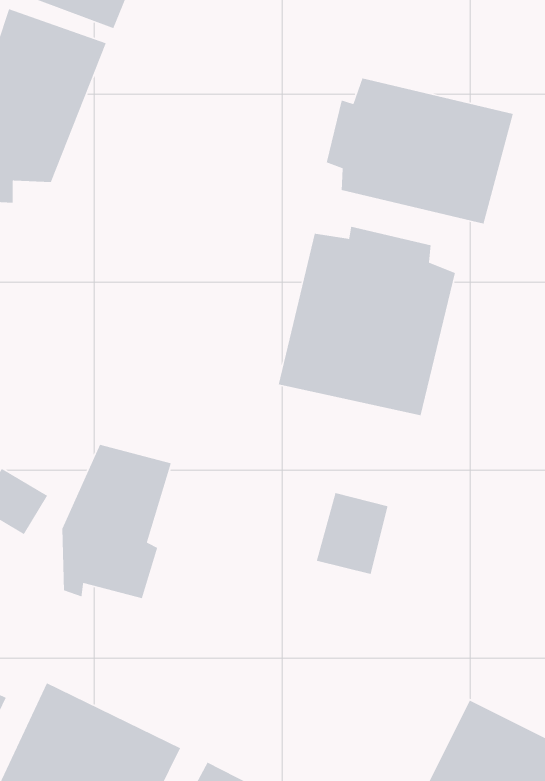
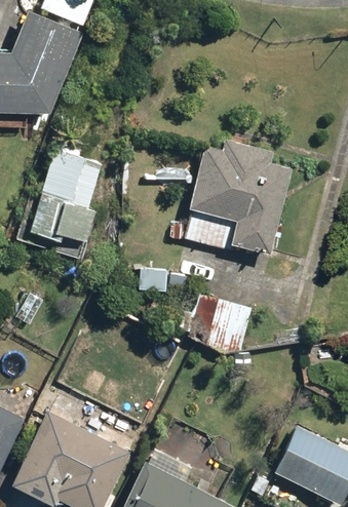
building: [326,77,514,225] -> none
building: [61,444,172,599] -> [38,150,104,242]

